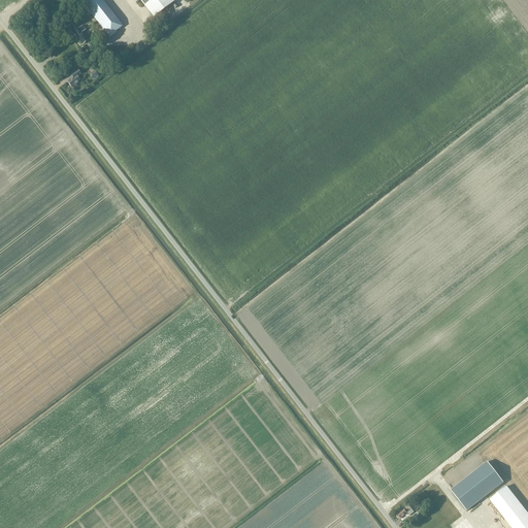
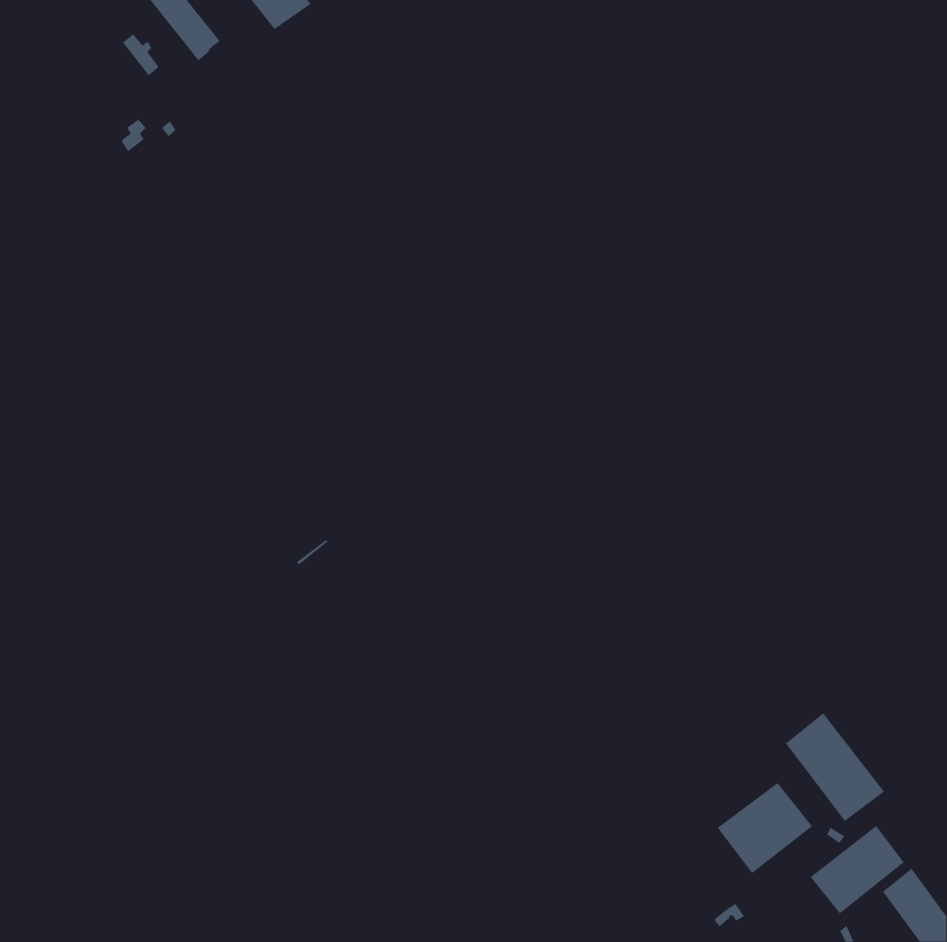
building: none -> [785,712,885,822]
building: none -> [717,782,813,874]

